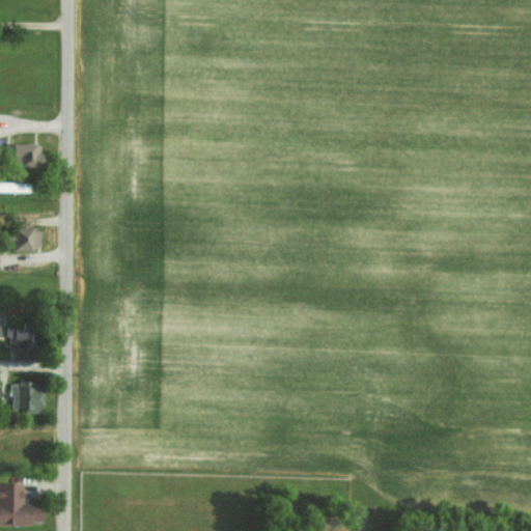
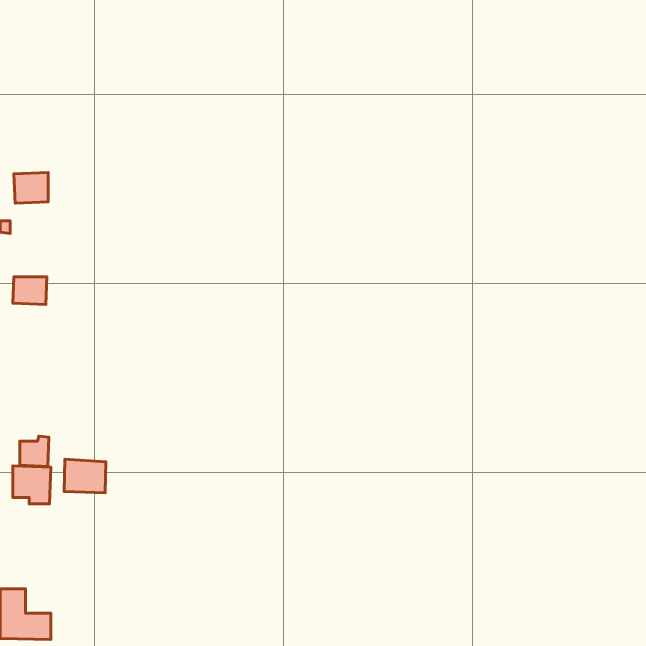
building: [9,324,33,348] -> [20,436,49,466]
building: none -> [64,459,106,493]

